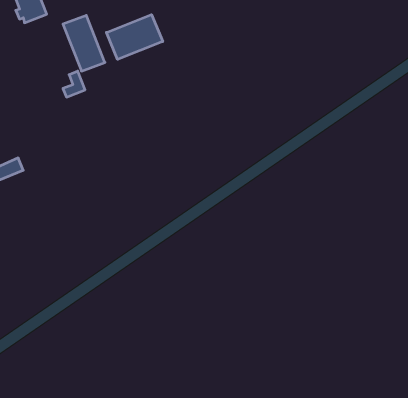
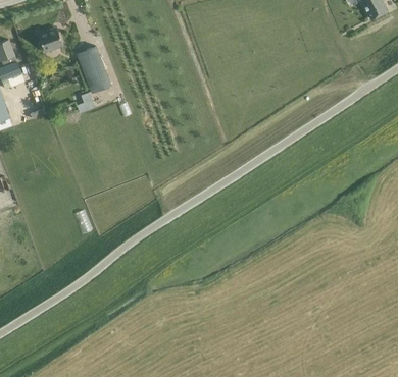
building: [106,15,163,59] -> none

